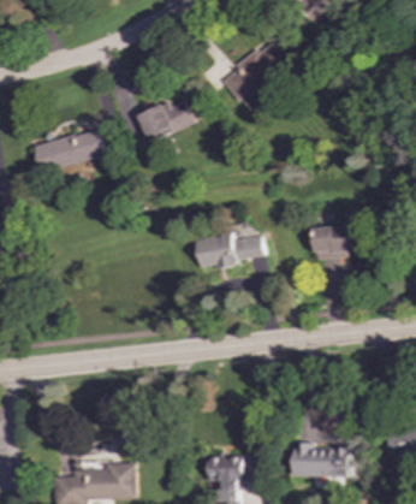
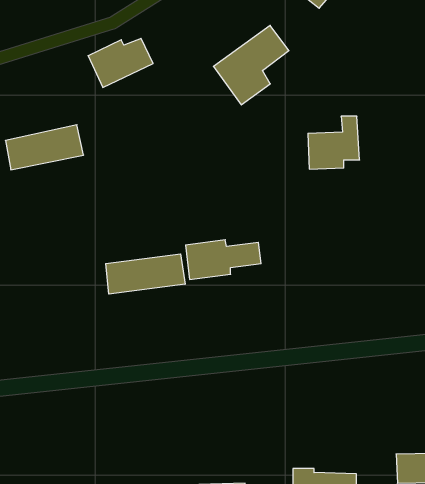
building: [137,99,196,143] -> [88,38,153,87]
building: [314,211,361,259] -> [308,116,360,169]
building: none -> [106,254,185,294]

